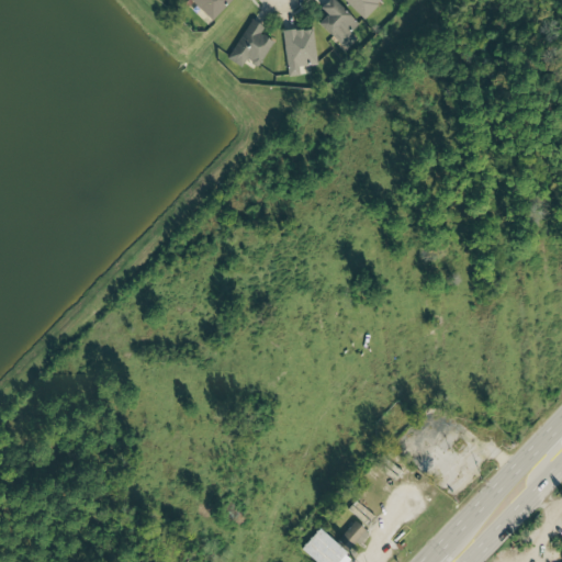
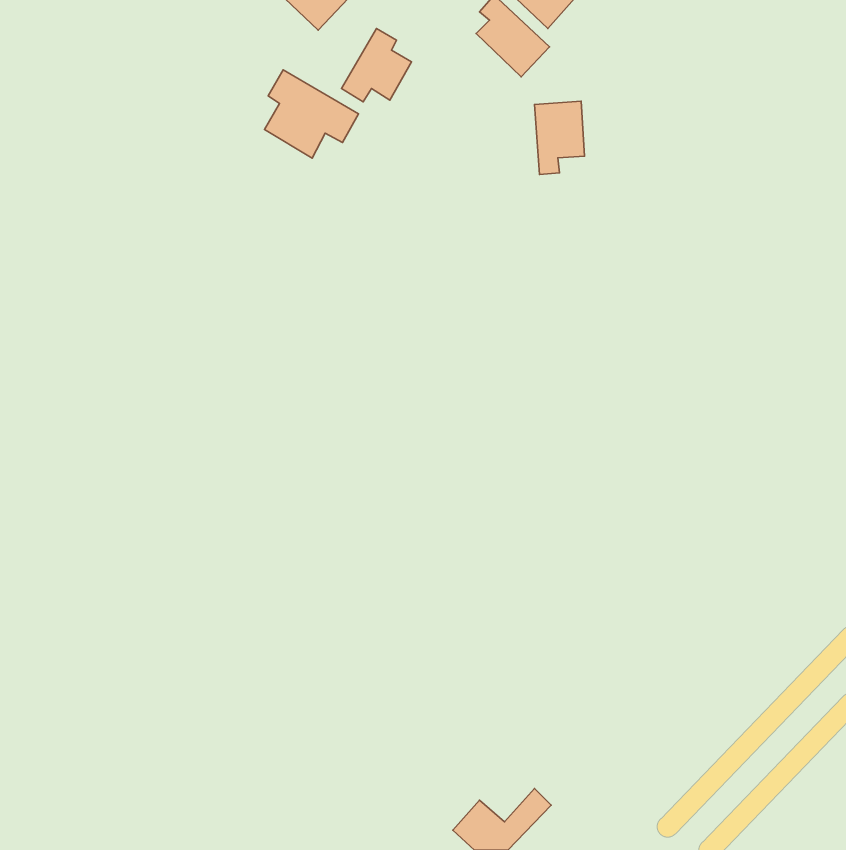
building: [284,27,317,76] -> [534,101,584,175]
building: none -> [265,70,359,158]

